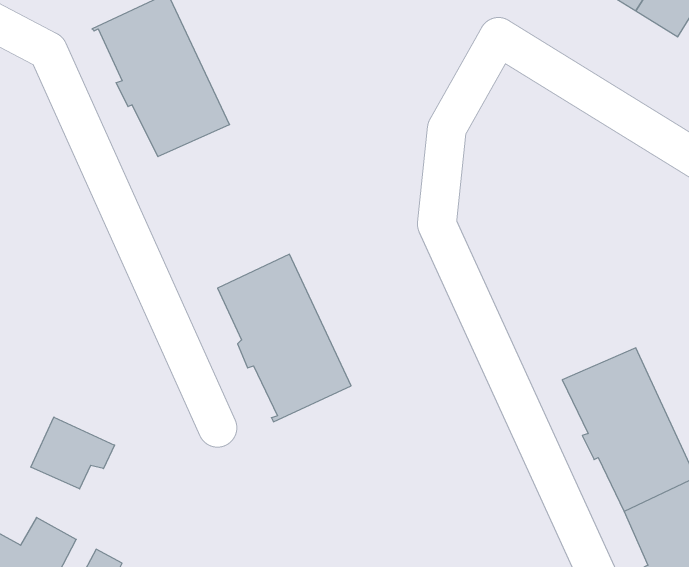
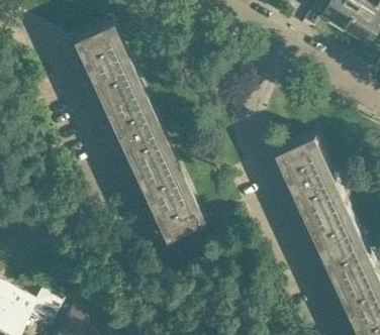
building: none -> [103,89,170,172]
building: none -> [276,135,346,218]
building: [31,417,115,489] -> none

